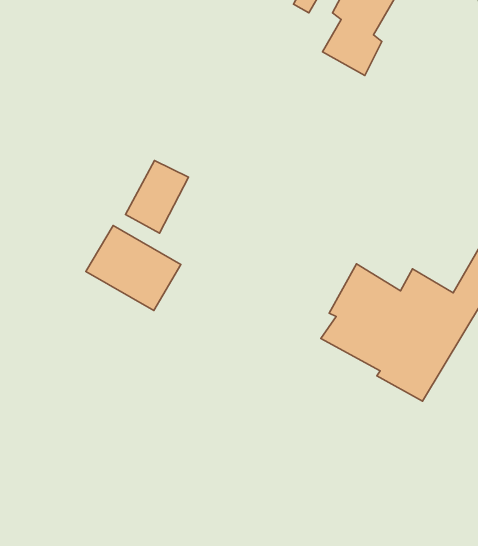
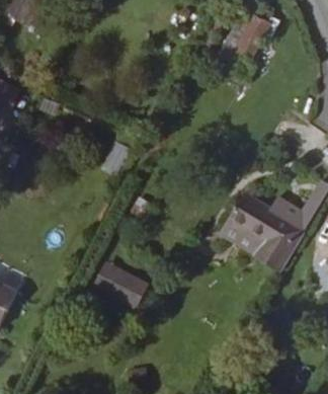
building: [86,226,181,310] -> [91,255,148,306]

